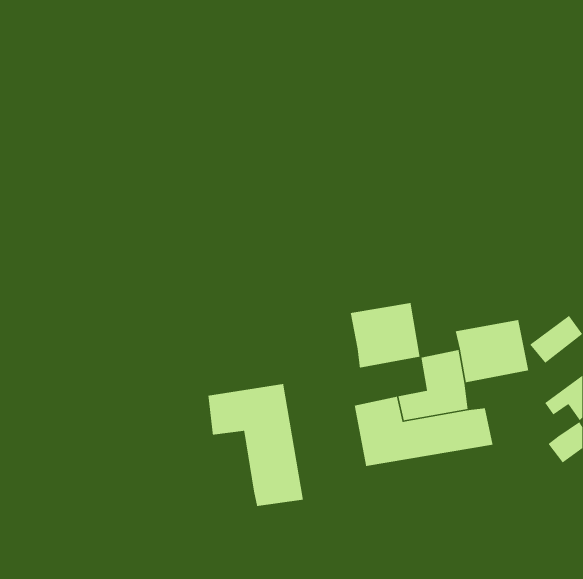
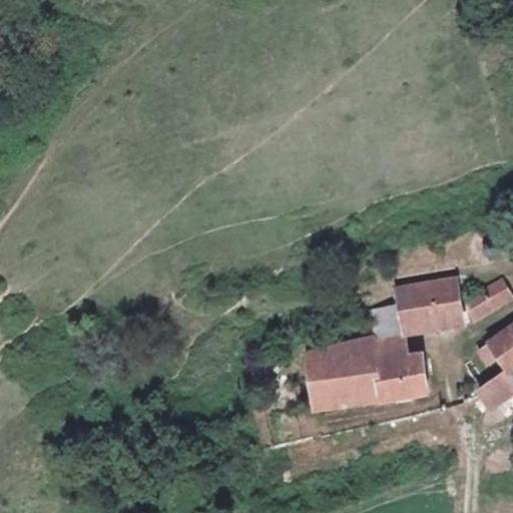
building: [350,302,420,369] -> none
building: [207,383,304,507] -> none

